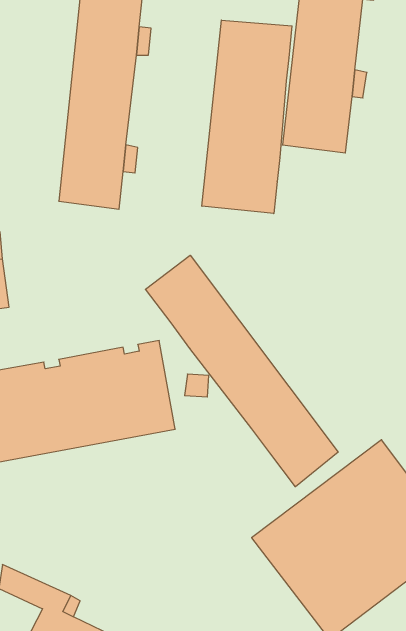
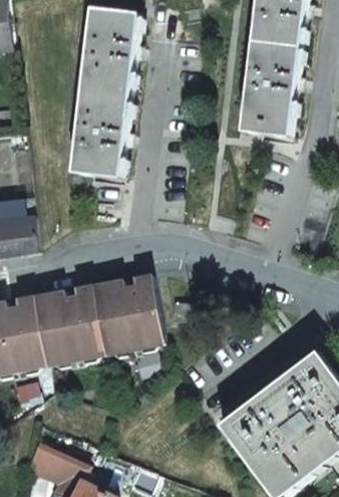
building: [202,20,292,214] -> none
building: [145,255,338,487] -> none

